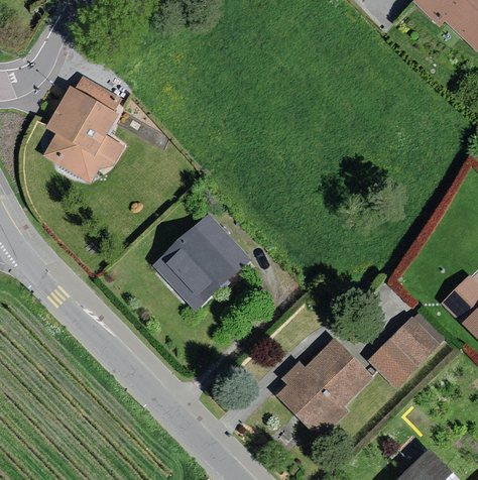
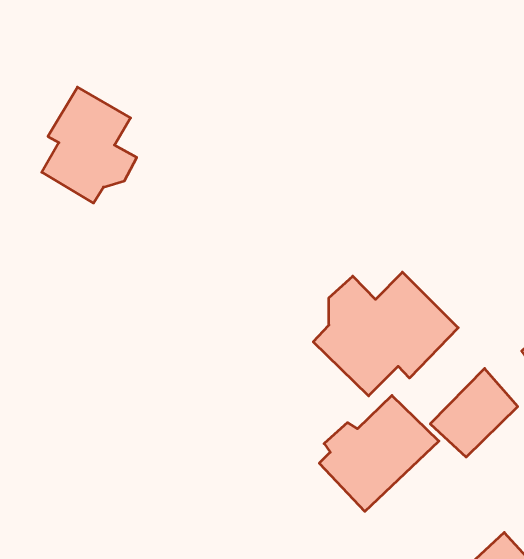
building: [152,216,249,312] -> none
building: none -> [313,272,458,396]

